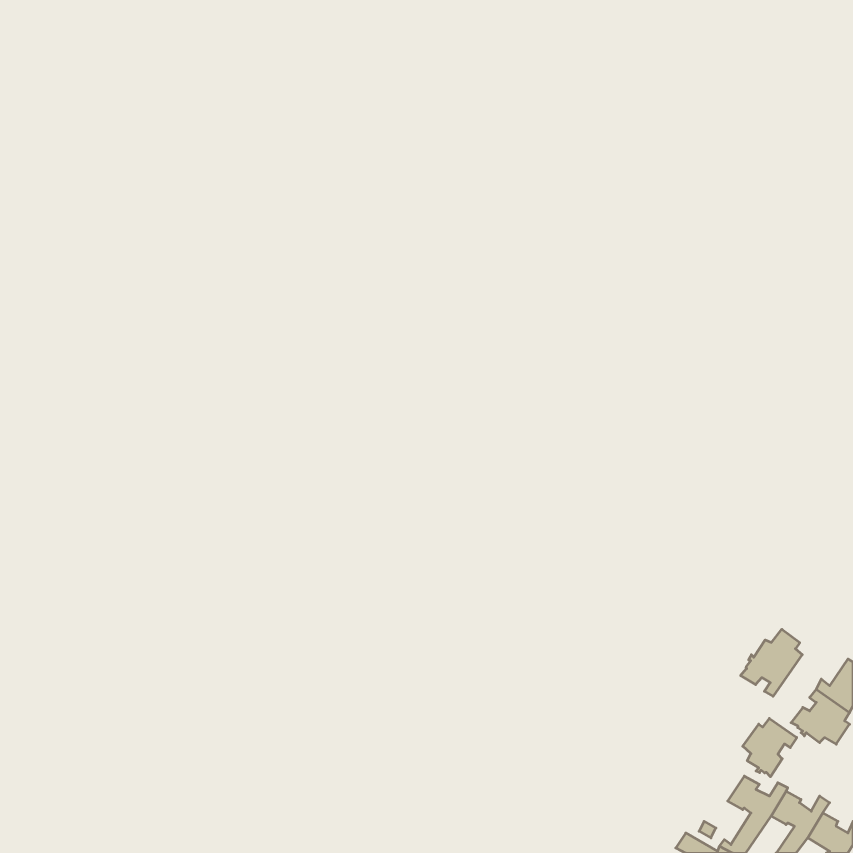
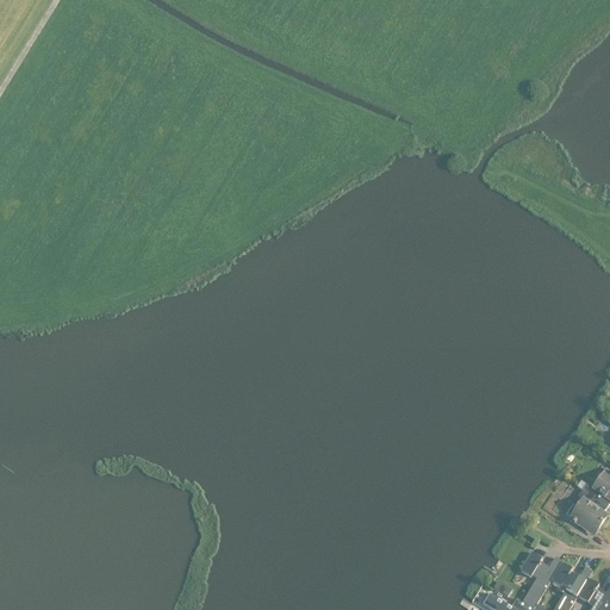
building: [741,629,802,696] -> none
building: [743,718,797,777] -> none

